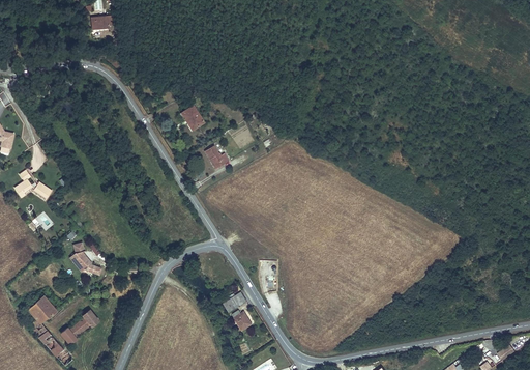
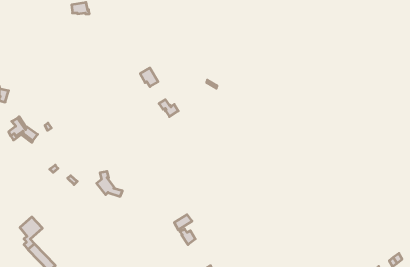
building: [69,241,102,274] -> [97,171,122,196]
building: [60,309,98,344] -> none

